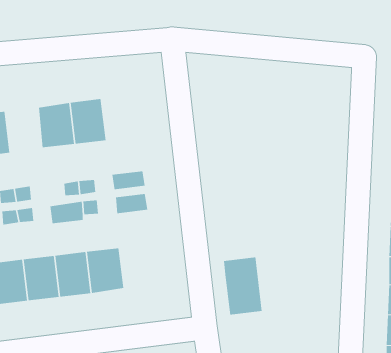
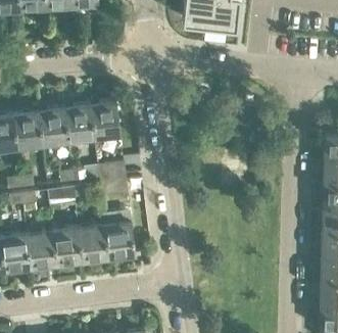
building: none -> [90,101,120,138]
building: none -> [12,111,42,148]
building: [223,257,263,315] -> [103,210,135,257]

